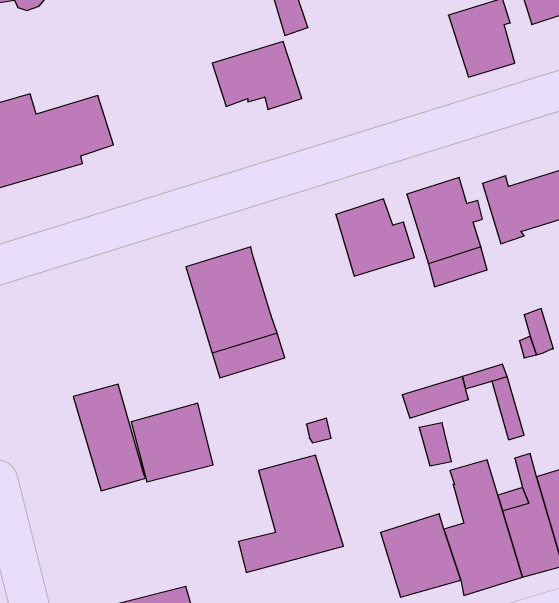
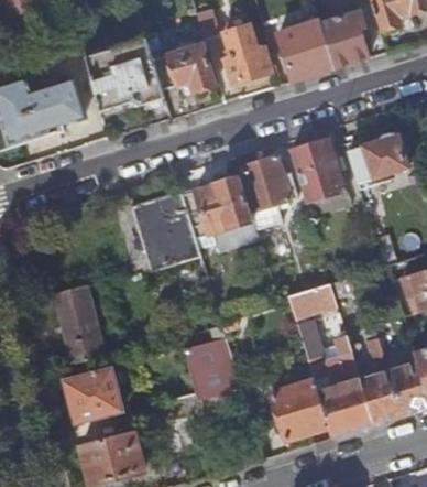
building: none -> [278,18,336,80]
building: none -> [225,24,272,82]
building: none -> [86,39,166,110]
building: none -> [182,176,253,237]
building: [131,403,213,482] -> [65,366,123,422]

